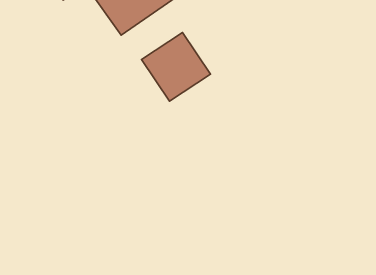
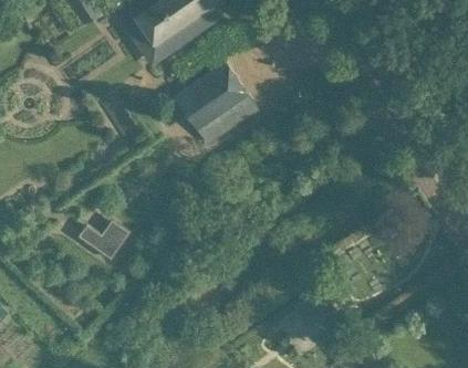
building: none -> [77,217,133,260]

